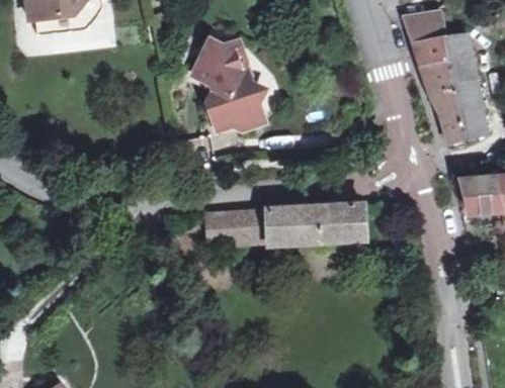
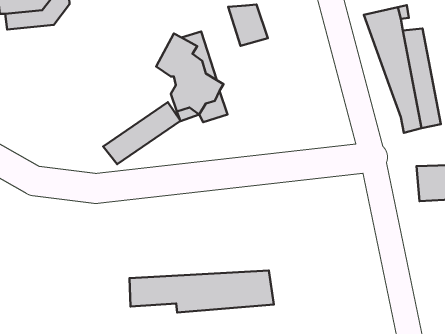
building: none -> [228,5,268,46]
building: none -> [103,102,181,164]
building: [214,201,363,245] -> [129,270,274,312]

